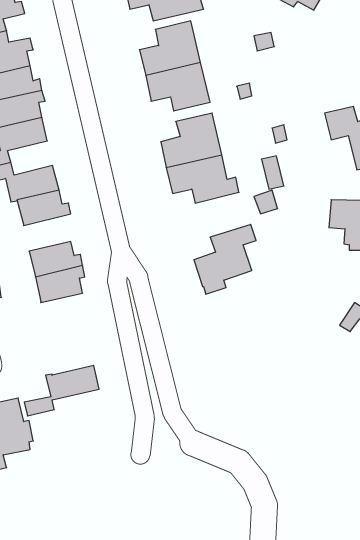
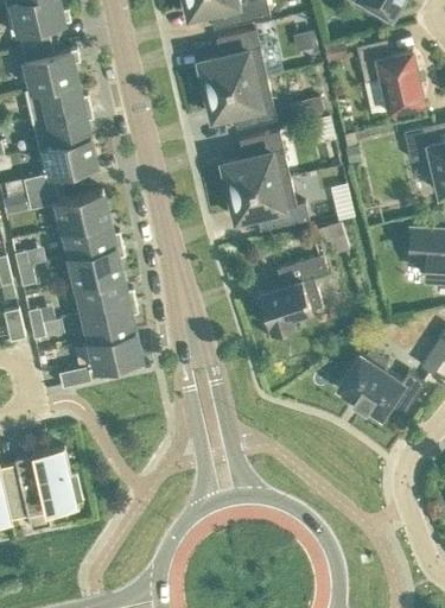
building: none -> [356,40,424,112]
building: none -> [70,245,125,286]
building: none -> [337,349,424,418]
building: [24,366,99,416] -> [58,332,141,388]

